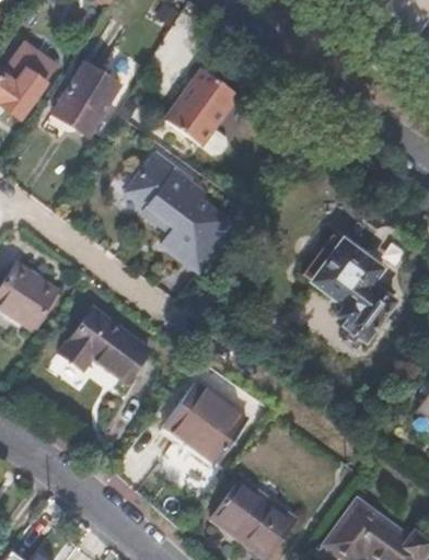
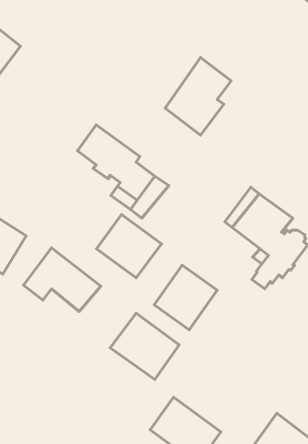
building: [156,62,234,153] -> [165,58,231,135]
building: [58,68,120,135] -> none
building: none -> [96,215,161,278]
building: none -> [154,265,217,330]

